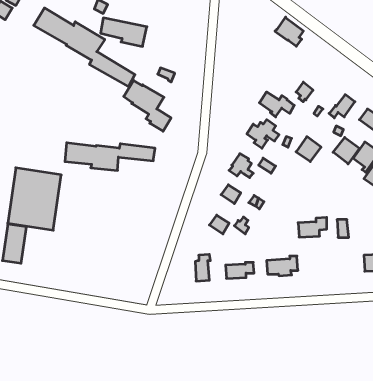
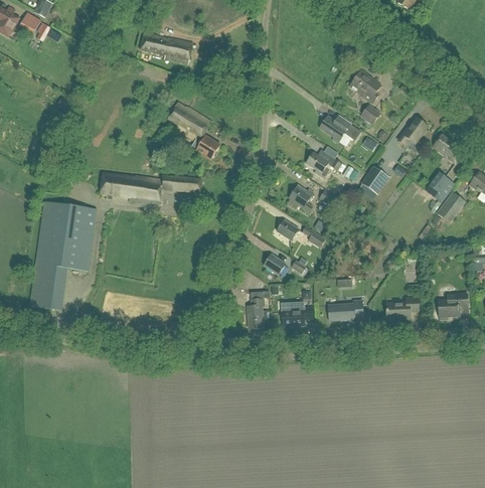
building: [34,8,135,87] -> none
building: [275,17,303,46] -> [349,69,381,103]
building: [333,137,360,164] -> none
building: [298,217,327,237] -> [386,297,419,319]

